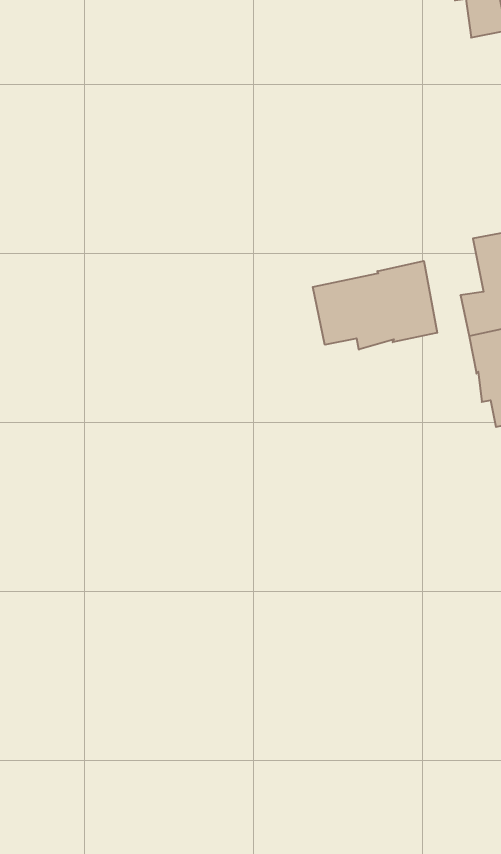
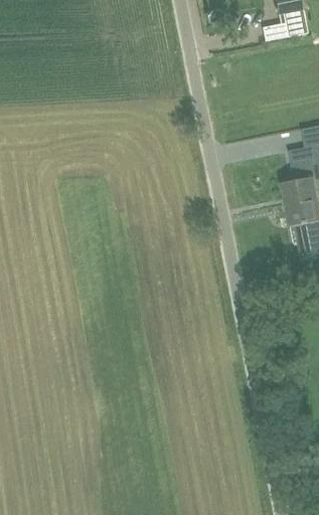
building: [313,261,437,350] -> none

